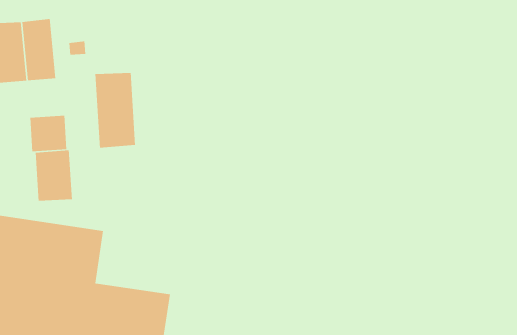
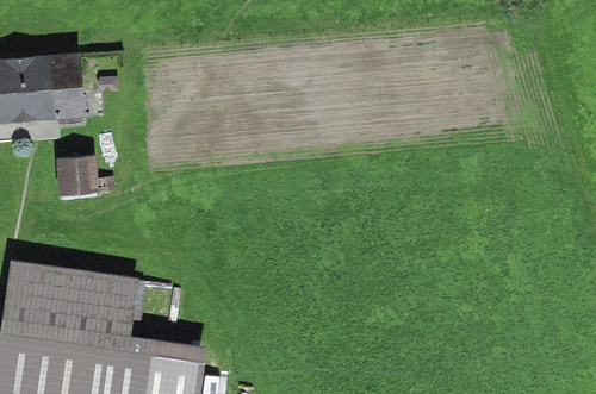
building: [95,72,136,148] -> none
building: [35,150,72,201] -> none

